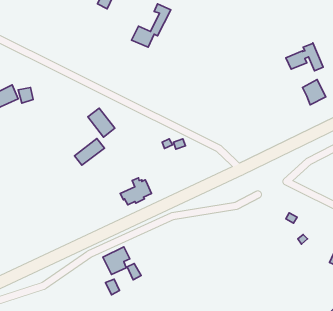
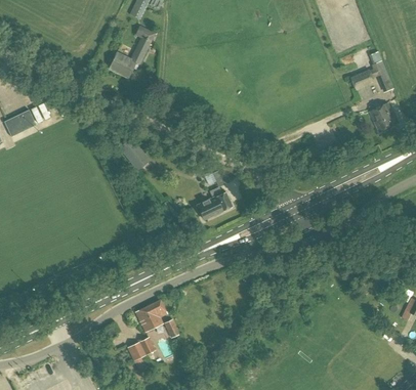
building: [131,4,171,47] -> [108,26,154,77]
building: [74,138,105,165] -> none
building: [120,178,151,205] -> [194,187,231,219]

